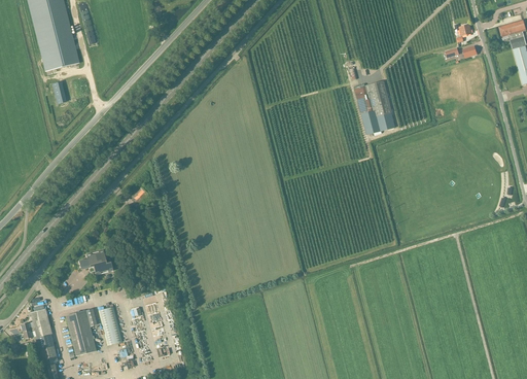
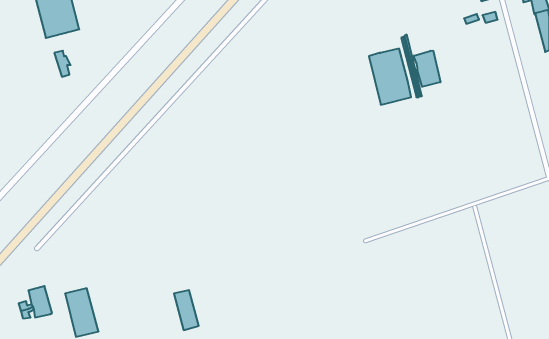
building: none -> [414,51,440,87]
building: [85,249,113,275] -> none
building: [99,307,122,345] -> [174,290,199,330]

